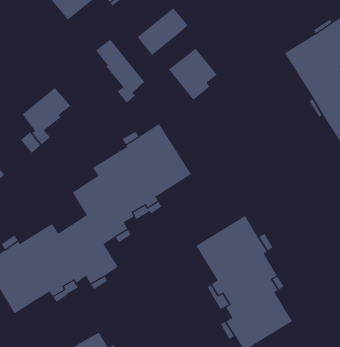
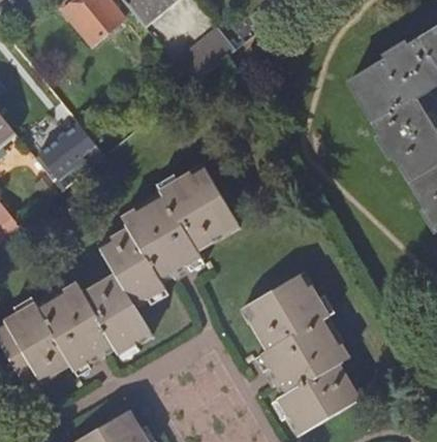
building: [95,39,145,104] -> none
building: [168,48,217,101] -> none

